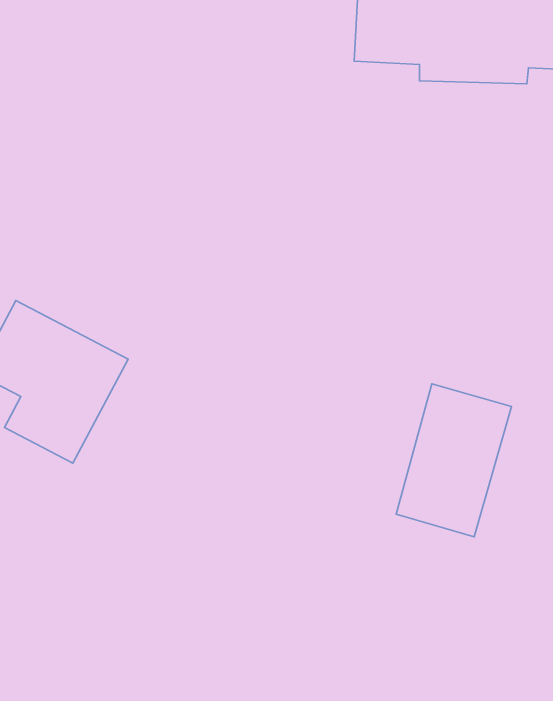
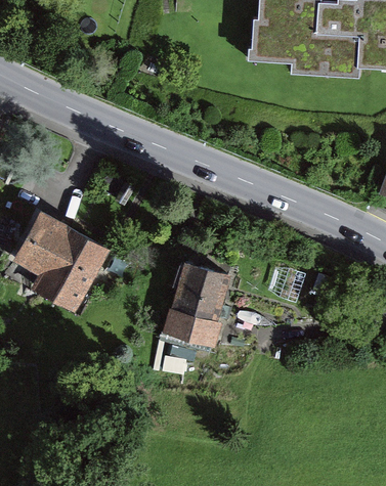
building: [396,384,512,537] -> [161,259,233,355]

